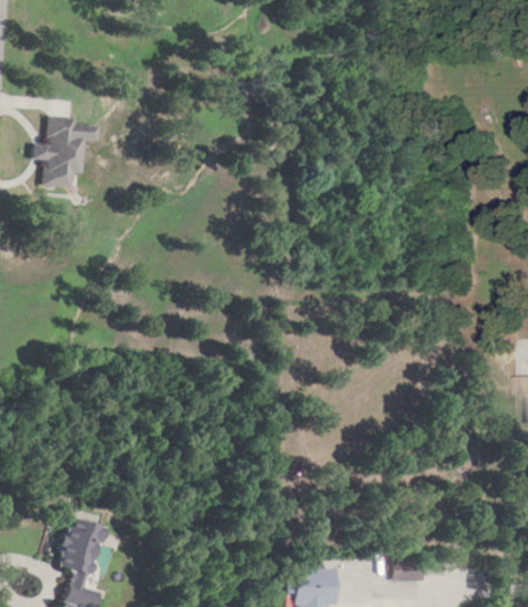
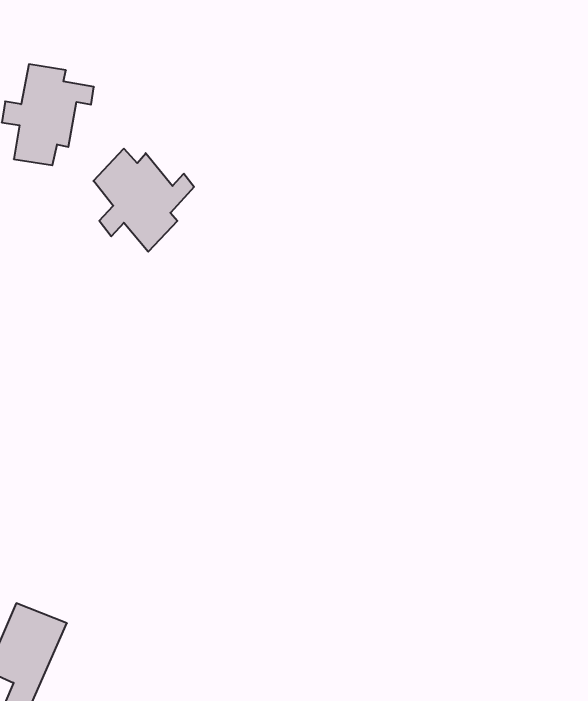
building: none -> [93,149,194,252]

